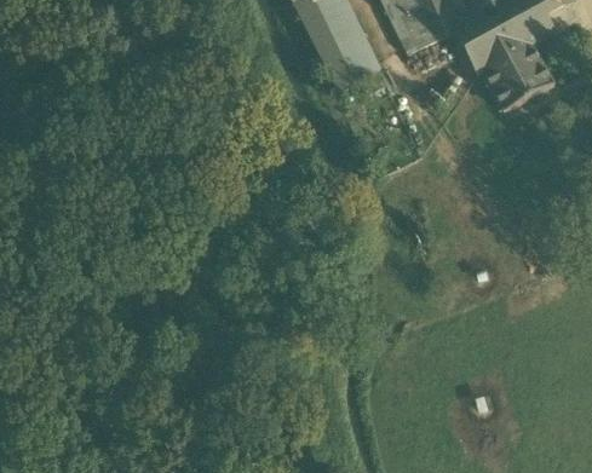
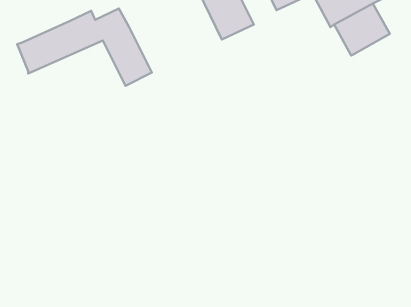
building: none -> [17,9,152,86]

